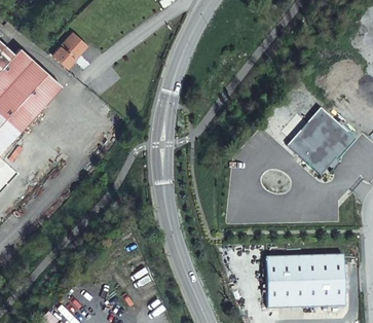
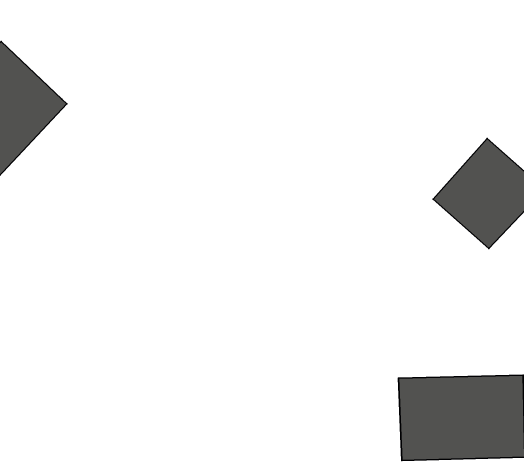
building: [50,31,85,66] -> none

